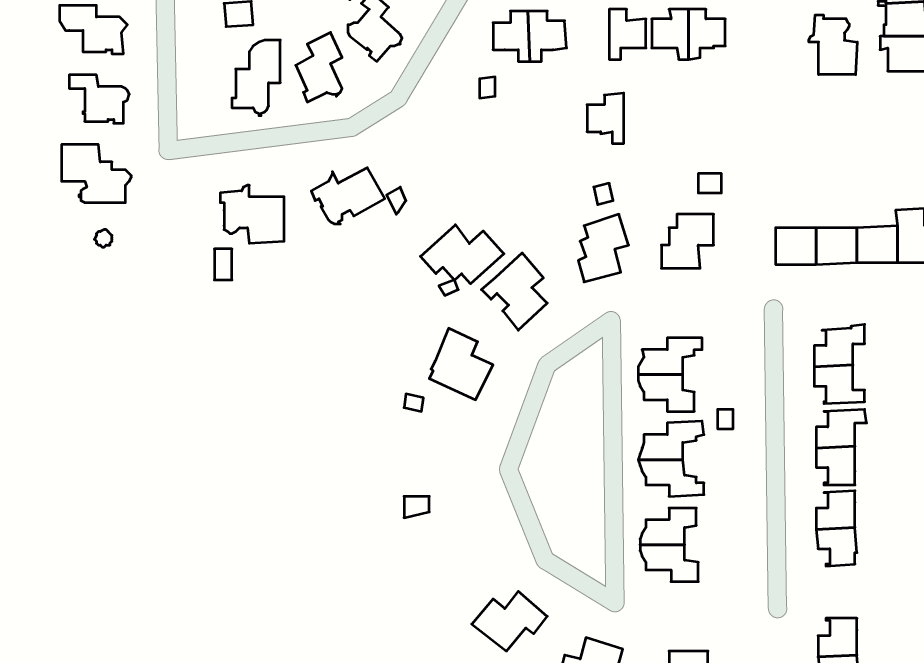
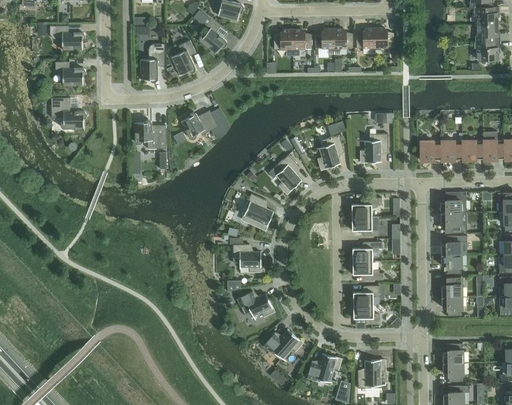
building: [809,15,857,75] -> none
building: [587,93,624,143] -> [315,28,334,54]
building: [420,225,504,284] -> none
building: none -> [233,244,261,272]
building: none -> [237,291,274,316]

